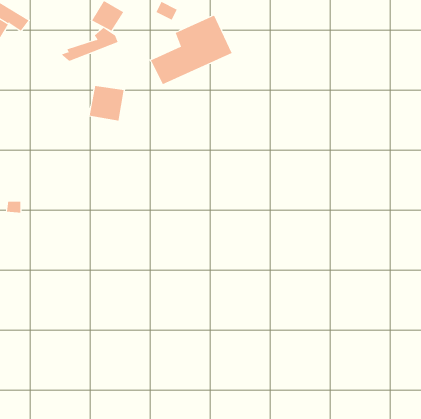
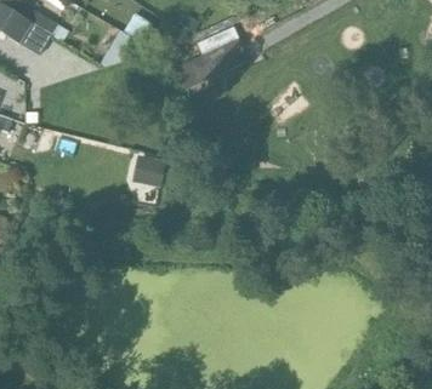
building: [89,86,125,121] -> [132,154,164,185]

